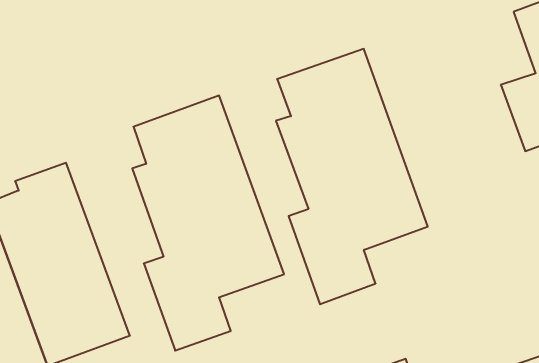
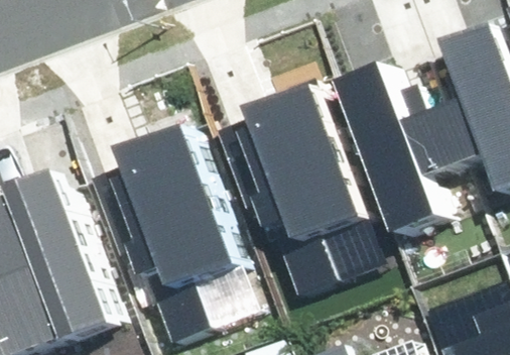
building: none -> [346,66,464,231]

